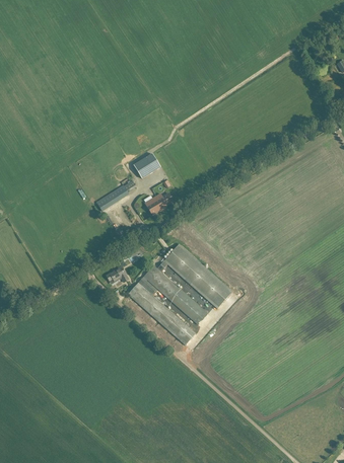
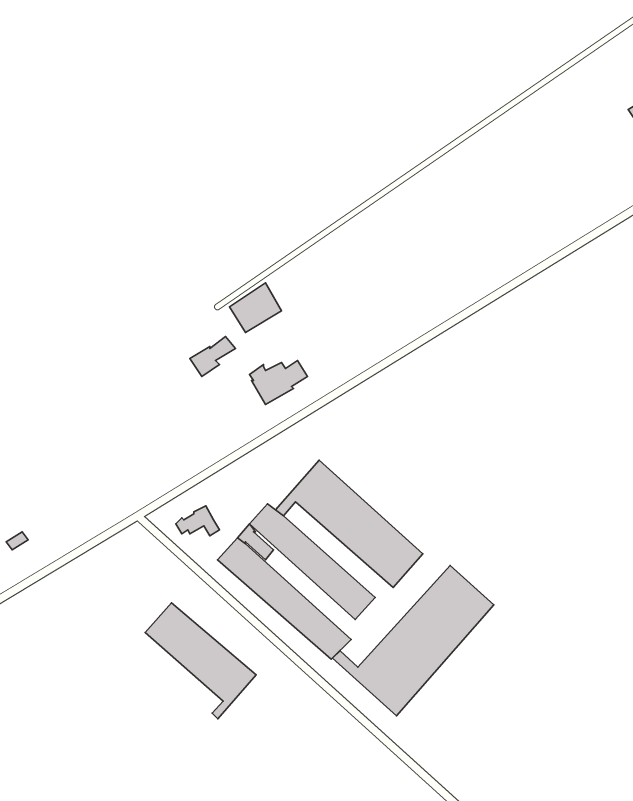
building: none -> [332,565,494,716]
building: none -> [145,603,256,719]

